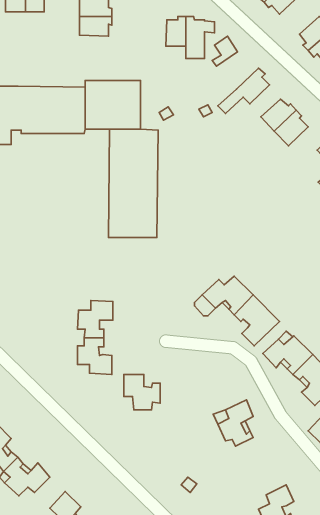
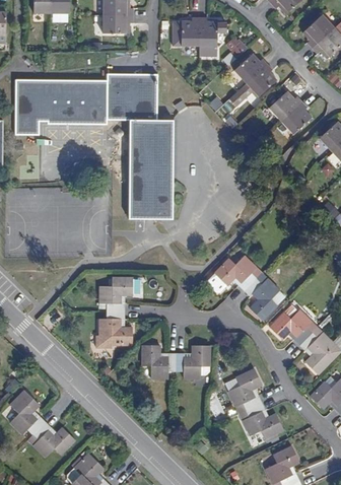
building: none -> [233,53,266,83]
building: none -> [176,345,210,378]
building: none -> [243,403,283,438]

